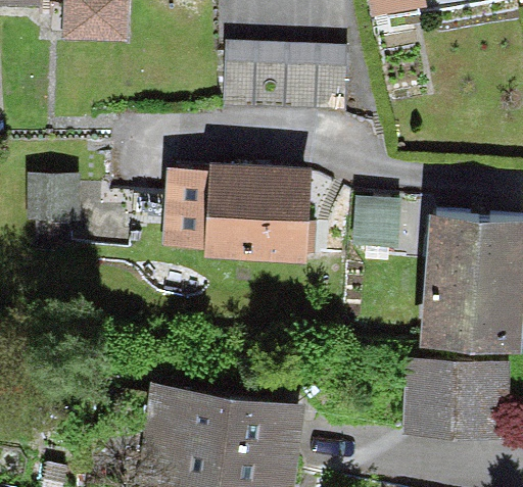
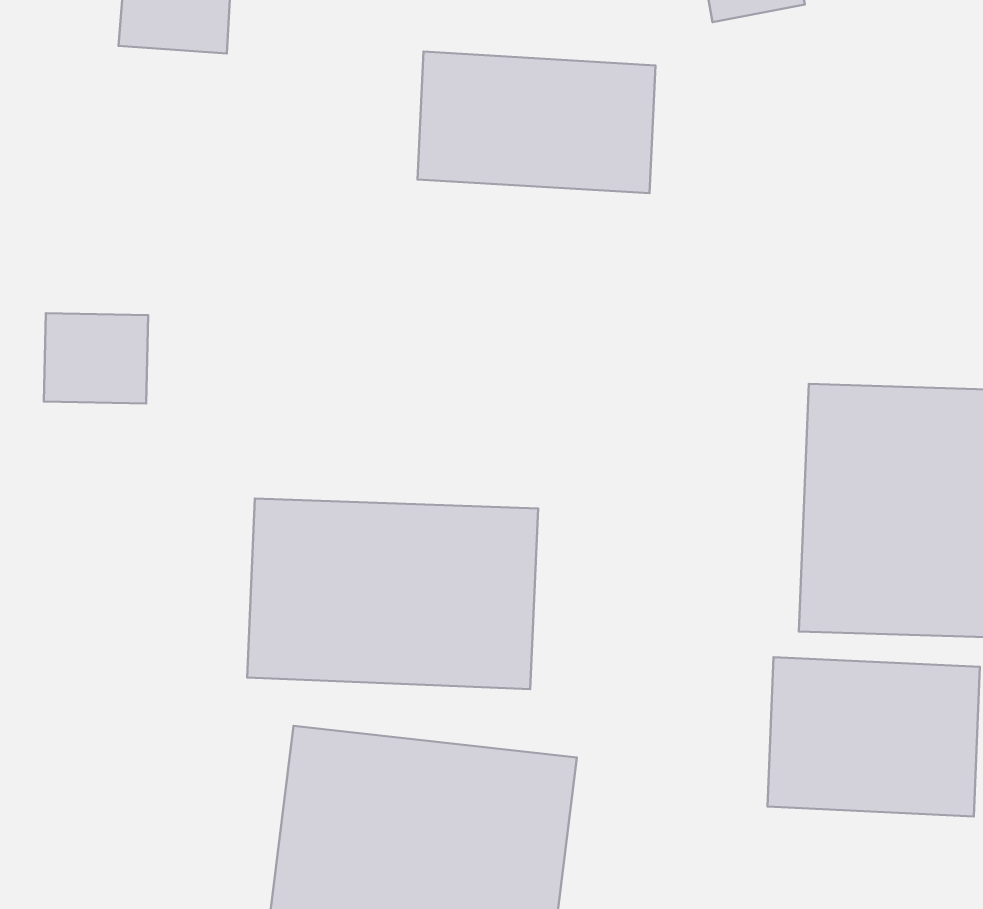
building: [165,160,317,259] -> [247,499,538,689]

